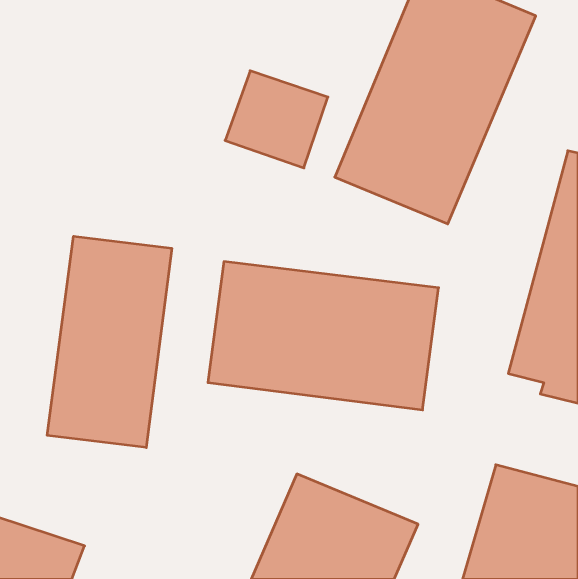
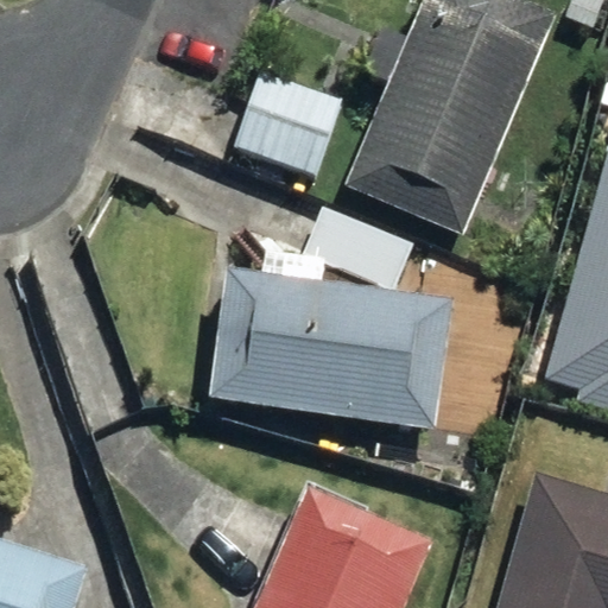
building: [47,236,172,448] -> none

